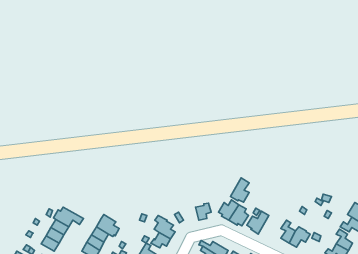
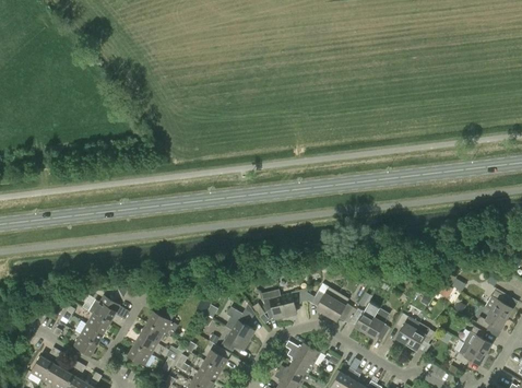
building: [230,178,249,202] -> [365,307,390,340]
building: none -> [261,289,285,317]

